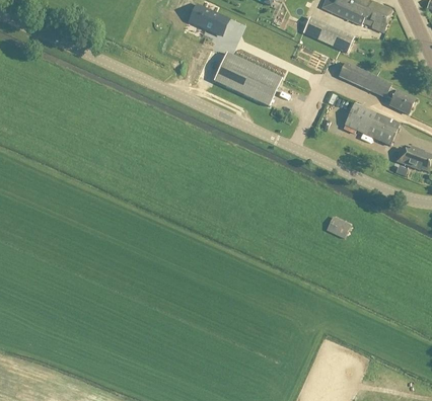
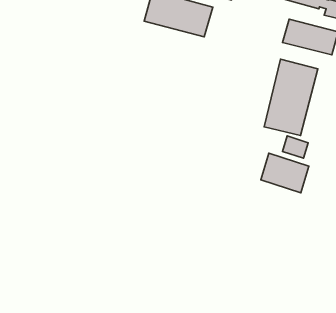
building: none -> [264,59,318,135]
building: none -> [261,153,309,193]

